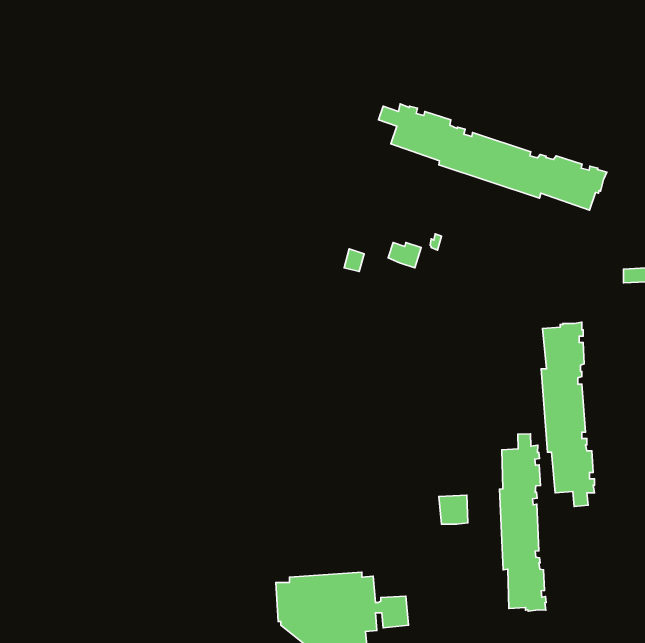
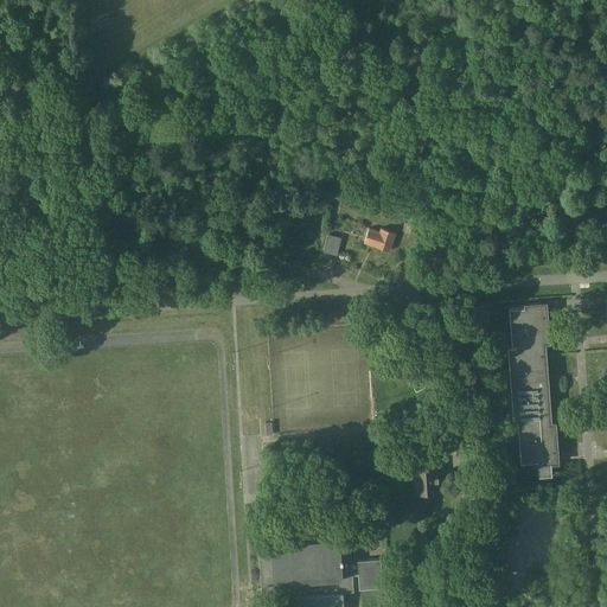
building: [378,104,607,210] -> none
building: [499,434,546,611] -> none

